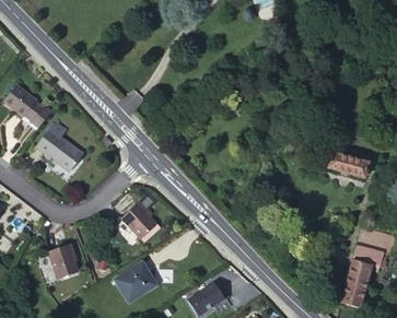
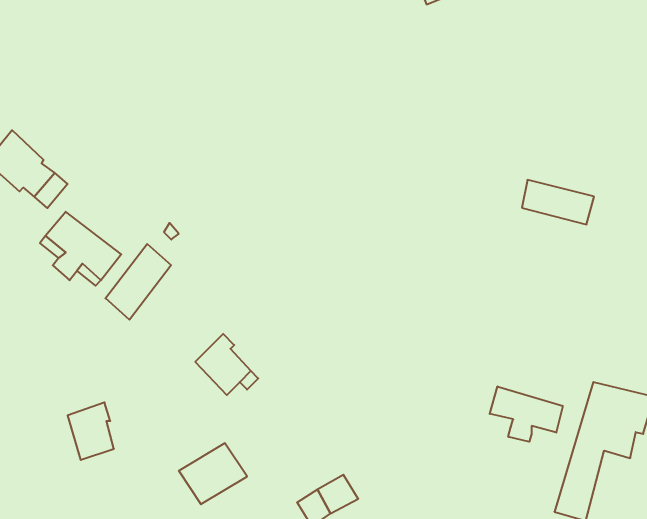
building: none -> [105,244,171,320]
building: [328,156,371,182] -> [522,180,594,224]
building: none -> [490,386,563,442]

